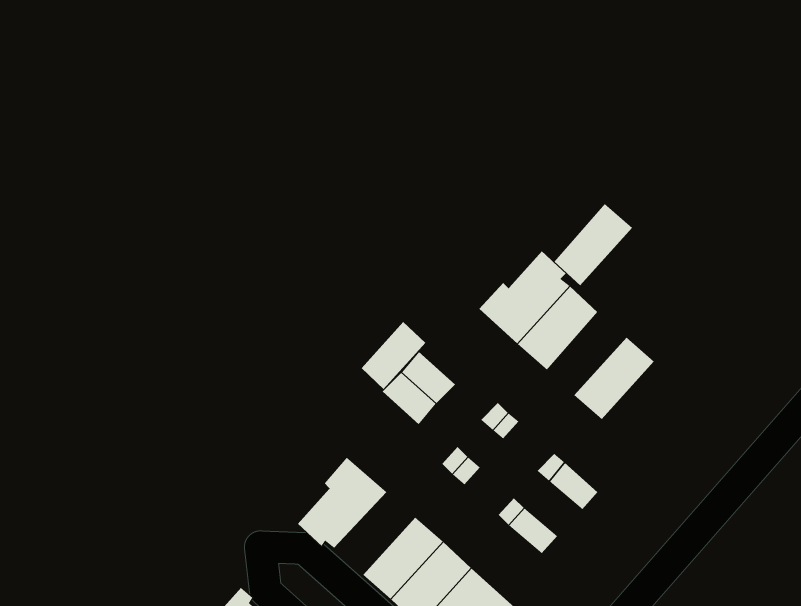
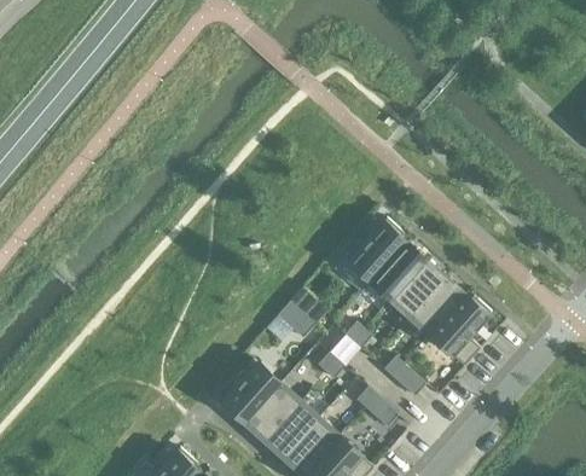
building: [554,203,633,286] -> [390,261,445,318]
building: [361,321,426,390] -> none
building: none -> [428,295,489,367]
building: none -> [244,384,300,441]

